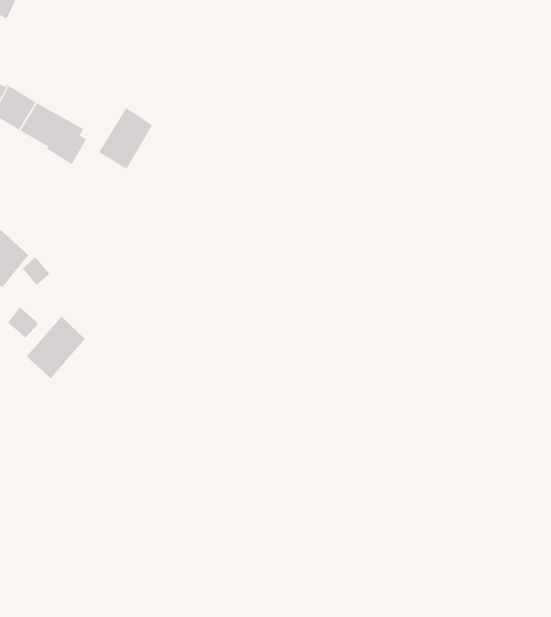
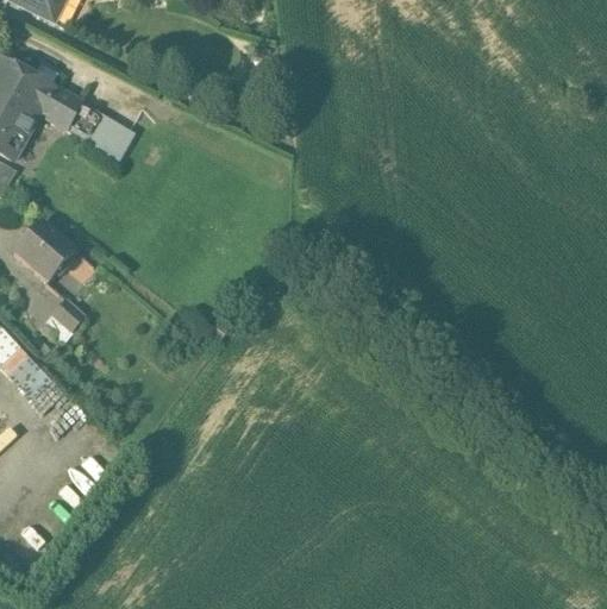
building: [98,107,153,170] -> none
building: [26,316,85,379] -> none

